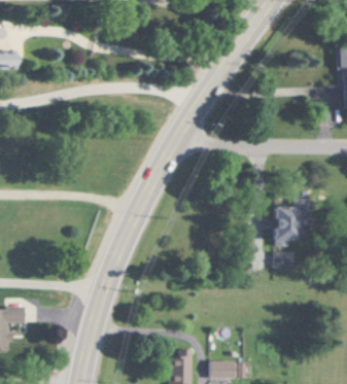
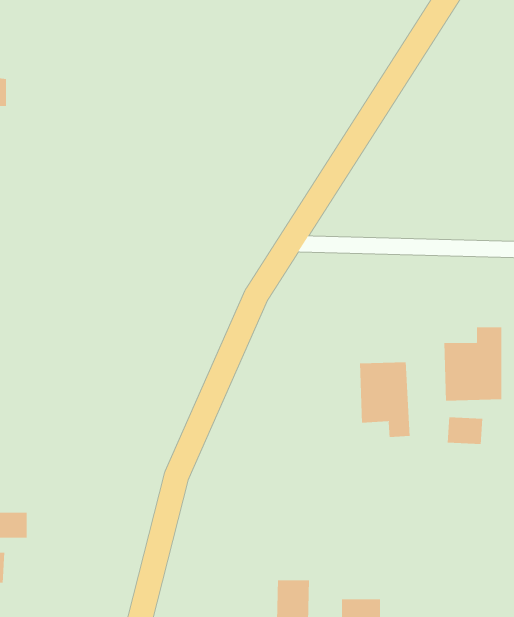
building: none -> [360,362,410,438]

